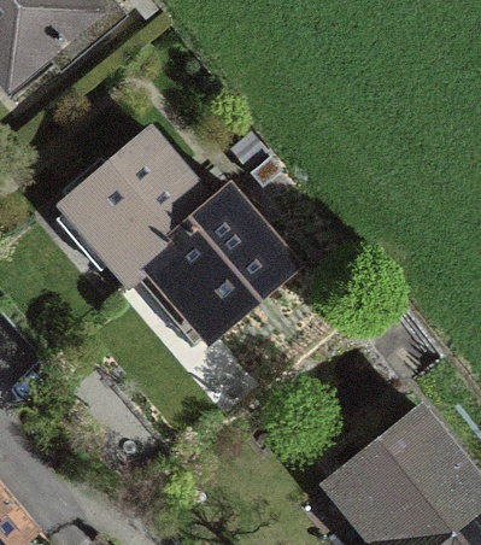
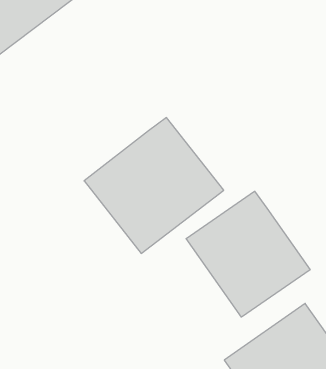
building: [54,122,207,274] -> none
building: none -> [186,191,310,317]

